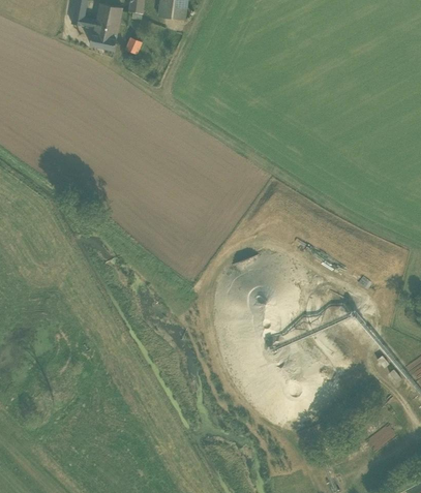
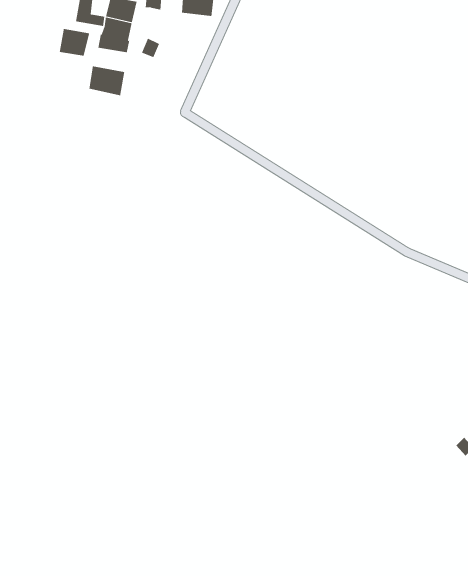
building: none -> [59,28,90,57]
building: none -> [89,66,125,96]

